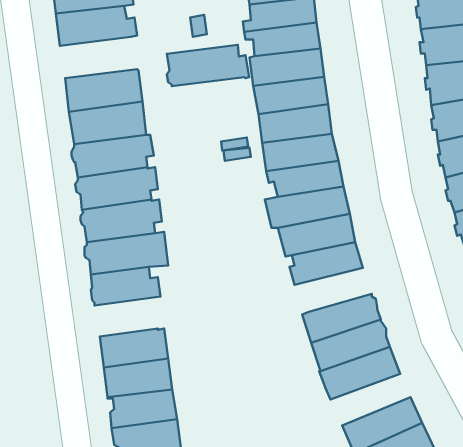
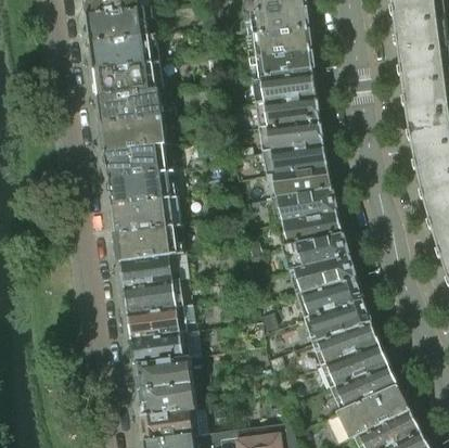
building: [167,45,249,86] -> [94,64,164,99]
building: none -> [292,258,357,295]
building: none -> [124,282,181,316]
building: none -> [322,347,389,391]

